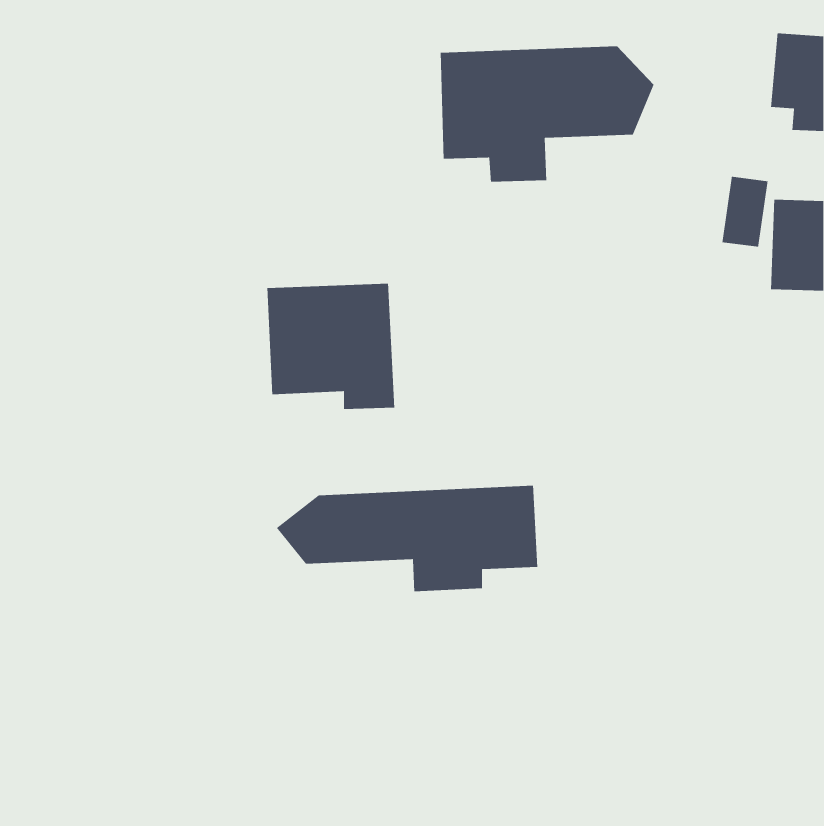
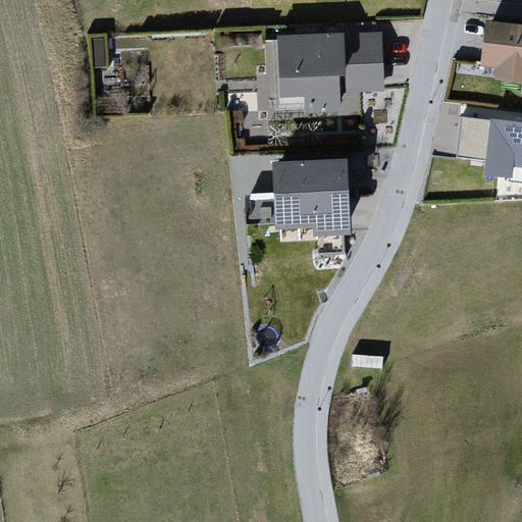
building: [267,283,395,410] -> [271,159,352,239]
building: [276,485,538,592] -> none

